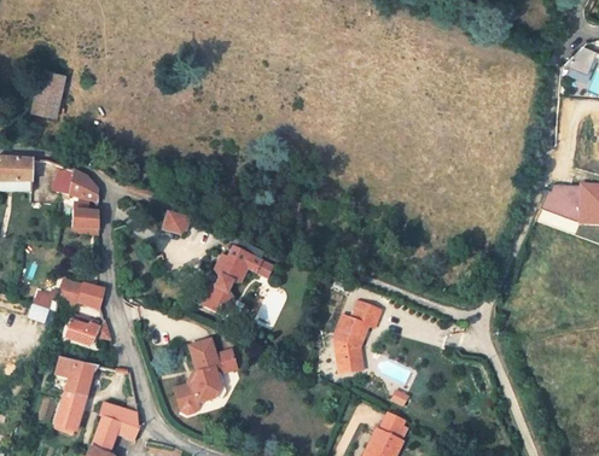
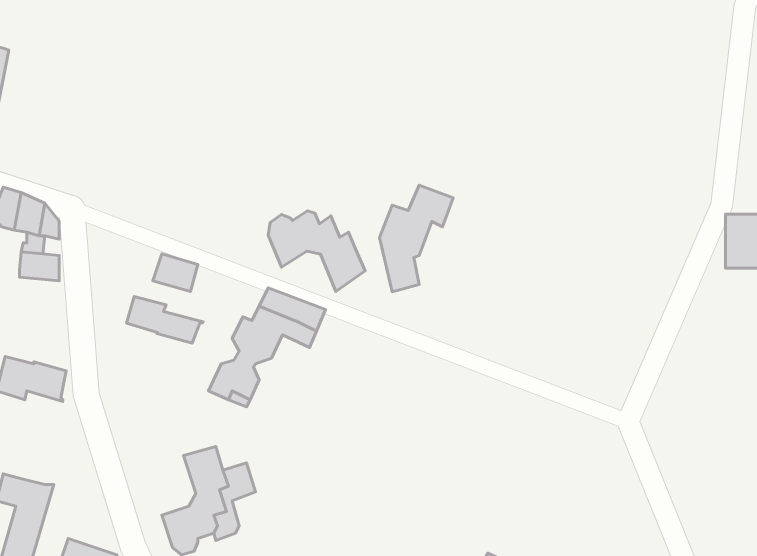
building: none -> [268,211,365,291]
building: none -> [126,297,203,343]
building: [339,305,389,376] -> [379,185,453,292]
building: [64,317,110,345] -> none

